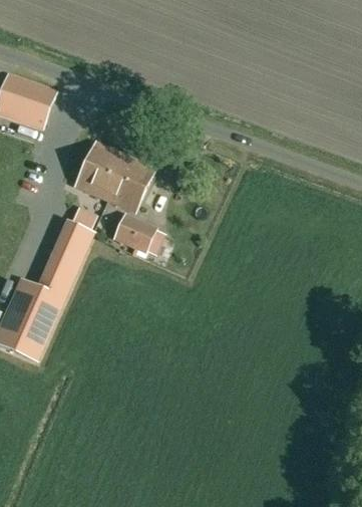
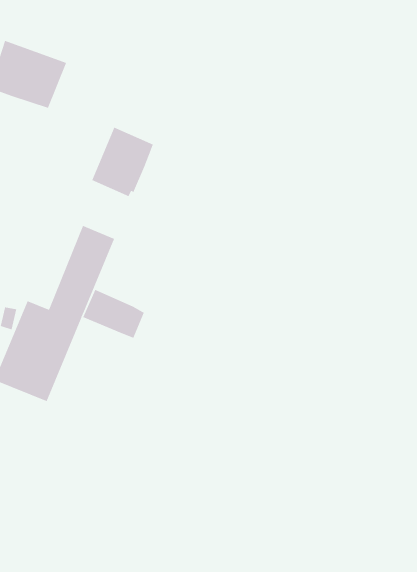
building: [104,155,152,210] -> none
building: [112,213,162,253] -> [82,289,145,339]

